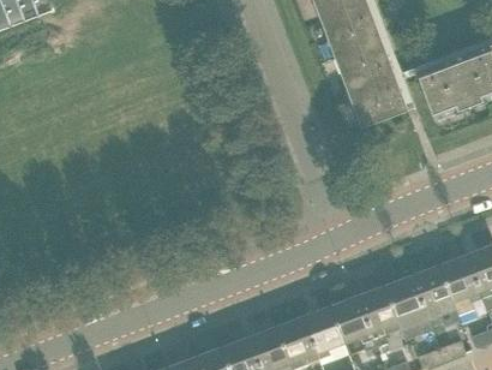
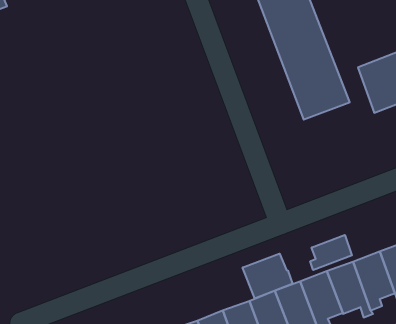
building: none -> [310,235,352,270]
building: none -> [243,254,293,299]

